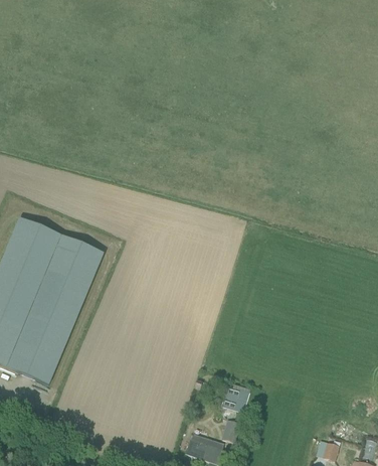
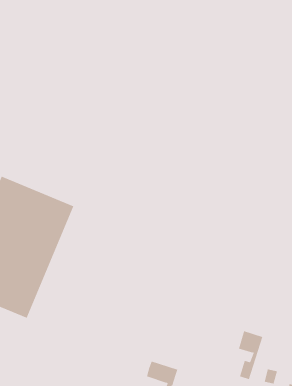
building: [220,384,249,442] -> [238,331,263,380]

